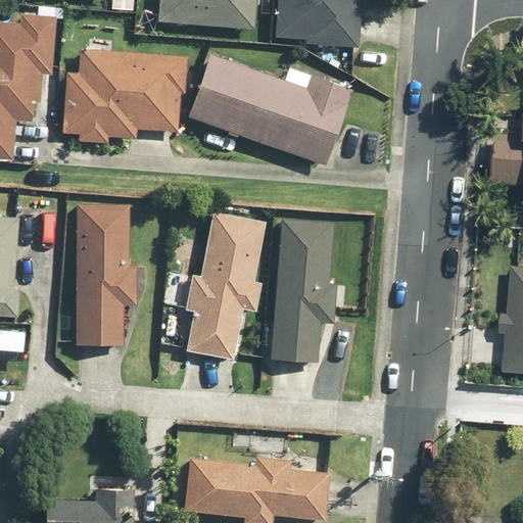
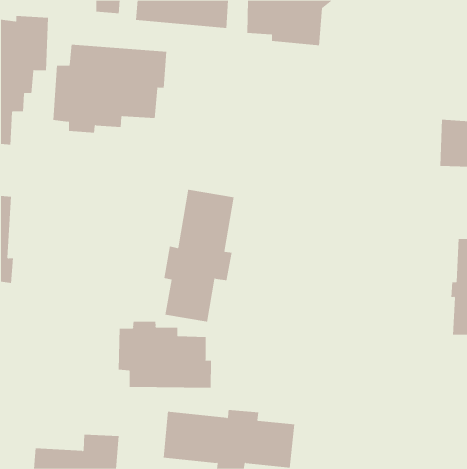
building: [187,55,351,163] -> none
building: [73,201,136,345] -> none
building: [270,219,337,365] -> none
building: none -> [118,321,212,389]

